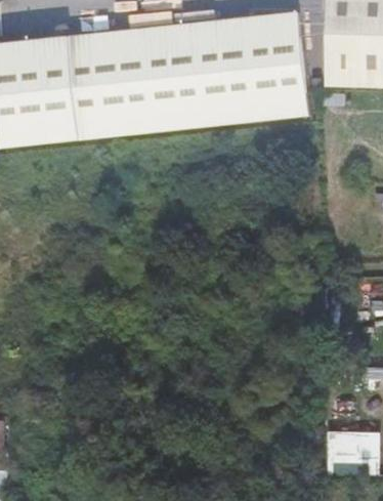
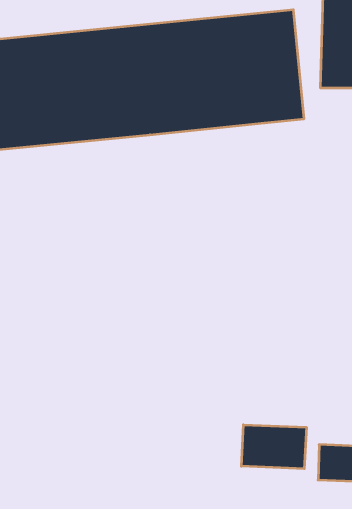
building: none -> [241,425,306,469]

